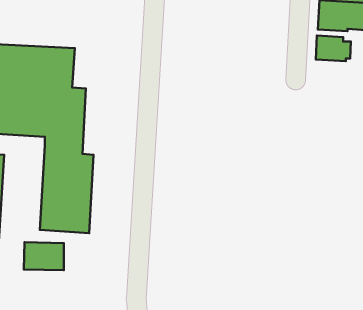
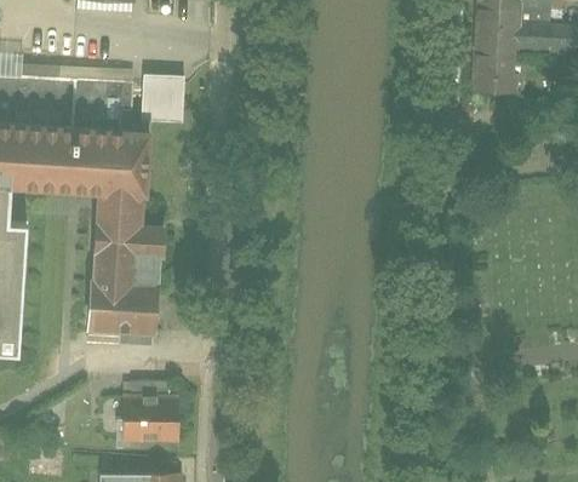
building: none -> [142,78,183,124]
building: [24,242,64,270] -> [119,400,176,440]

